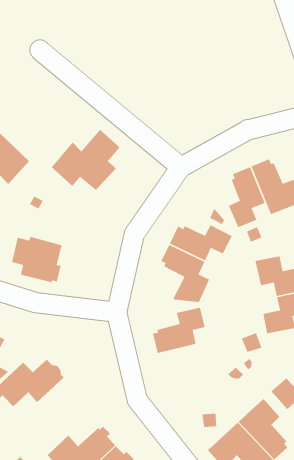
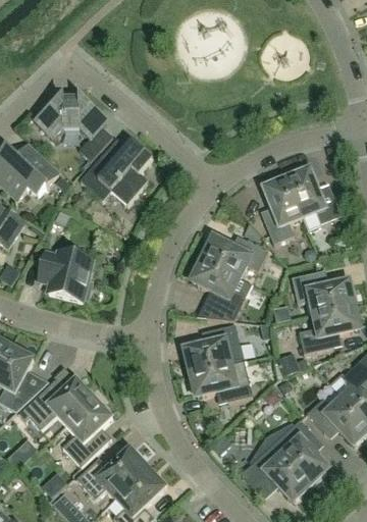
building: none -> [37,96,113,159]
building: none -> [191,359,253,400]
building: none -> [62,397,112,465]

